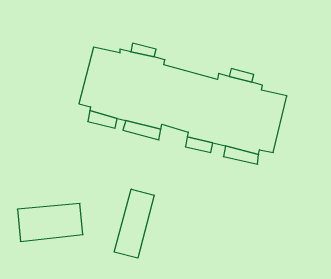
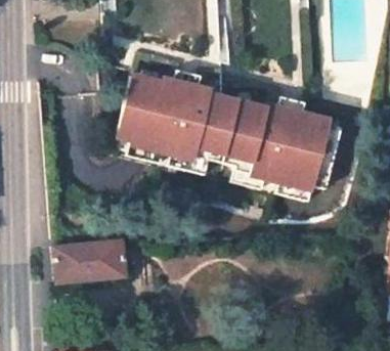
building: [114,189,154,258] -> none

